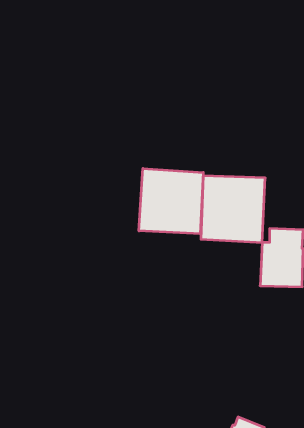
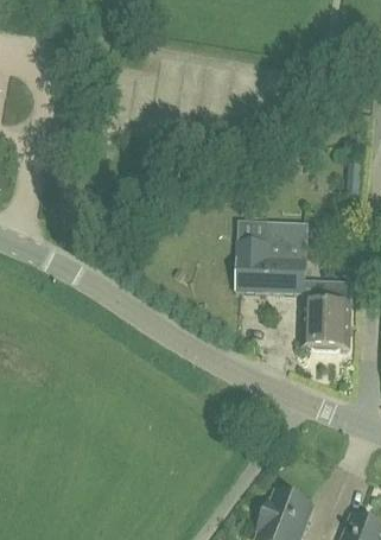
building: [139,168,203,234] -> none

